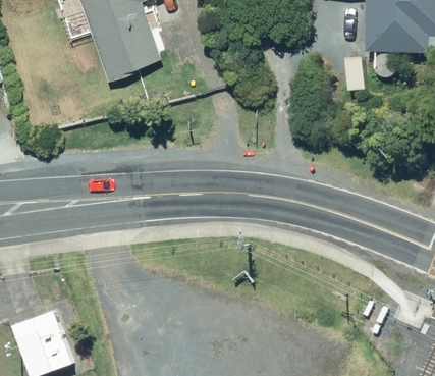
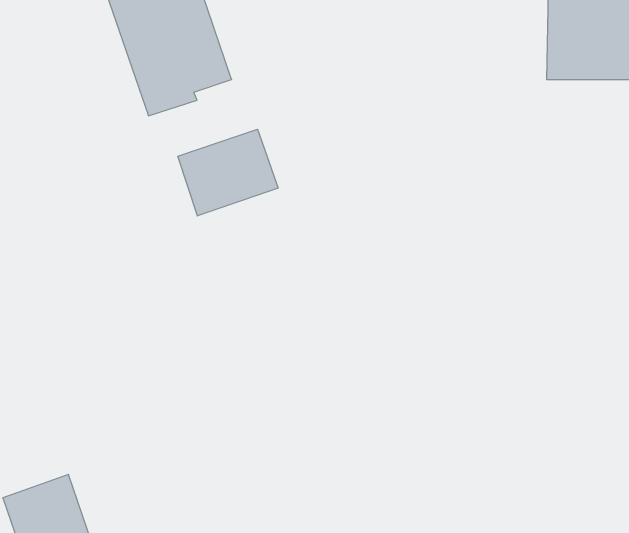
building: none -> [178,129,278,216]

